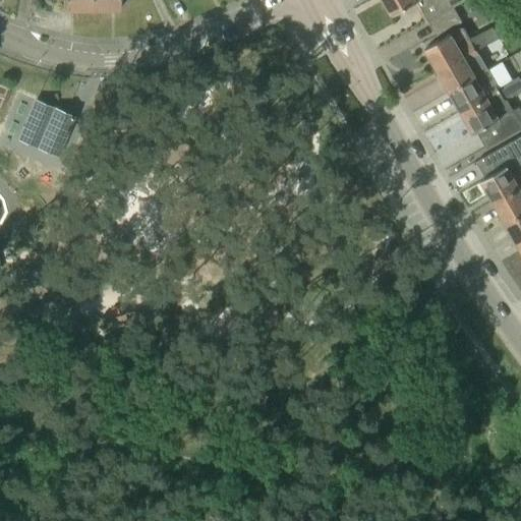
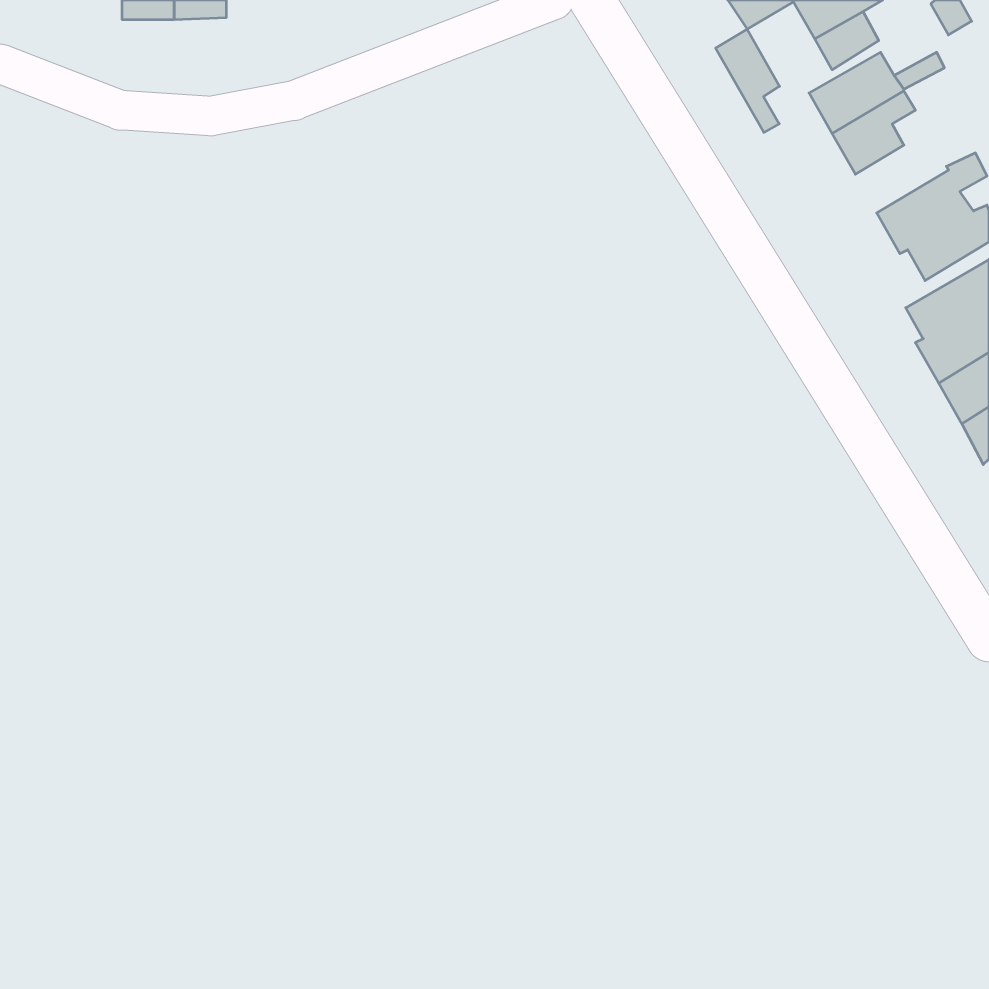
building: none -> [716,29,780,132]
building: [450,69,499,112] -> none
building: [19,102,73,155] -> none

